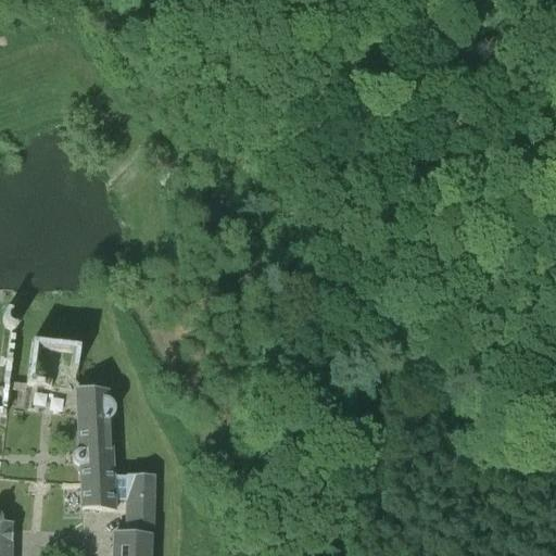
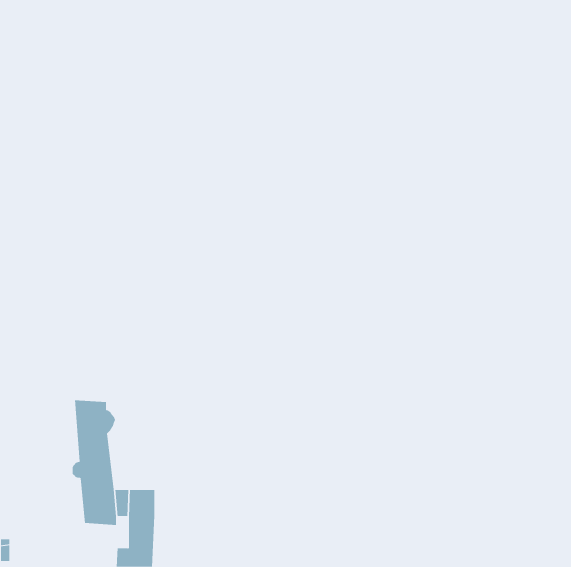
building: [39,341,93,389] -> none

